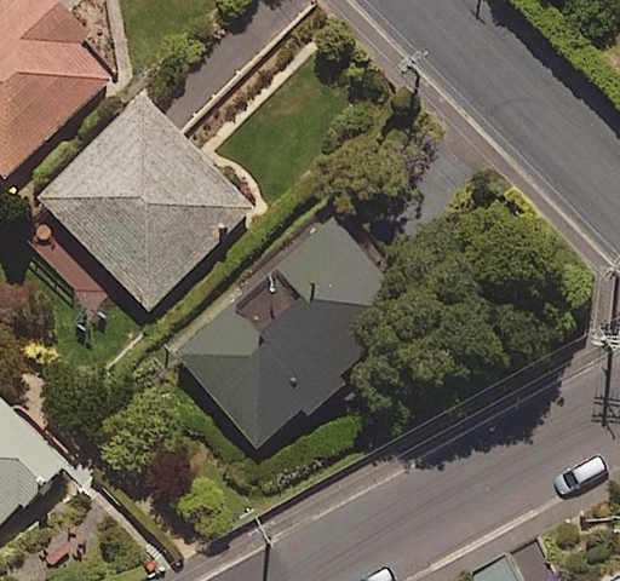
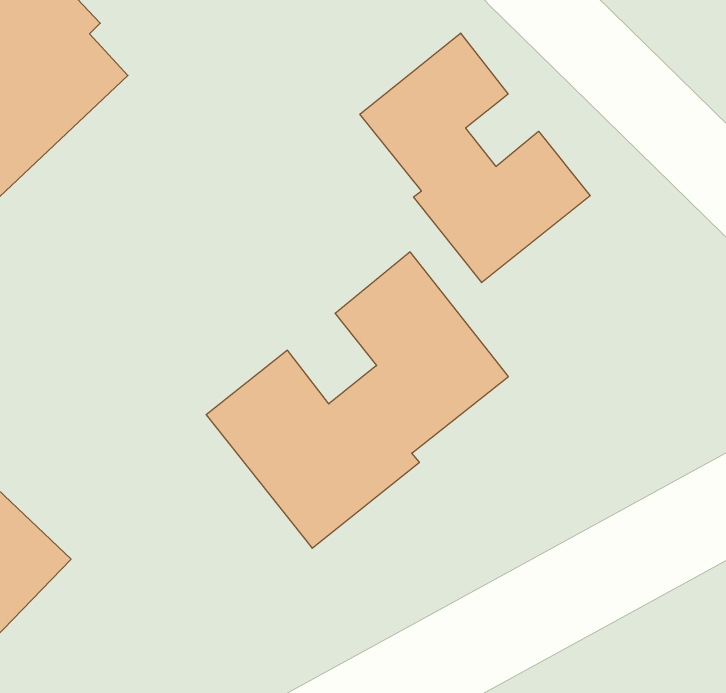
building: none -> [360,33,590,283]
building: [38,97,251,309] -> none

